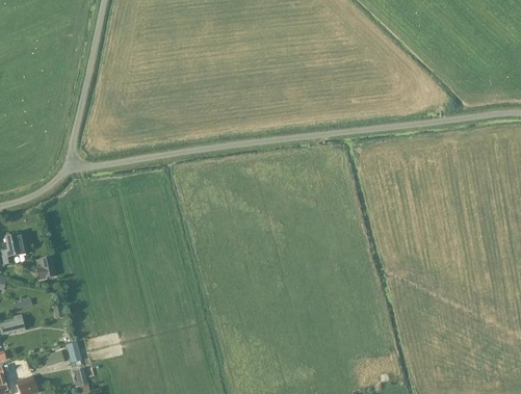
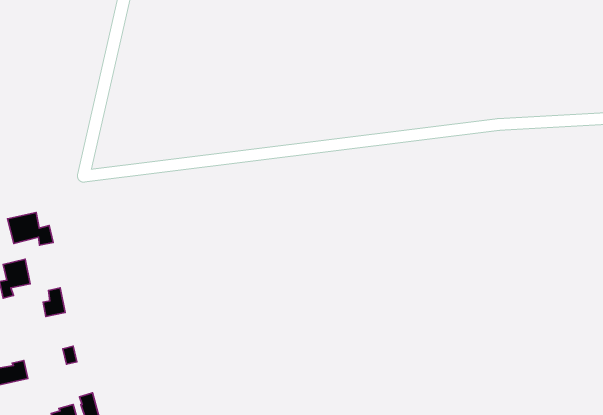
building: none -> [8,212,53,245]

